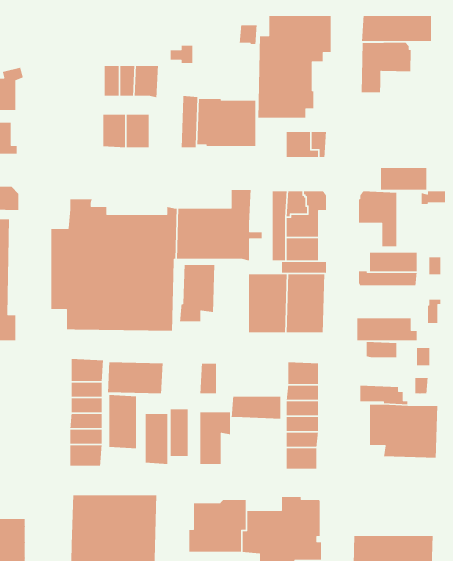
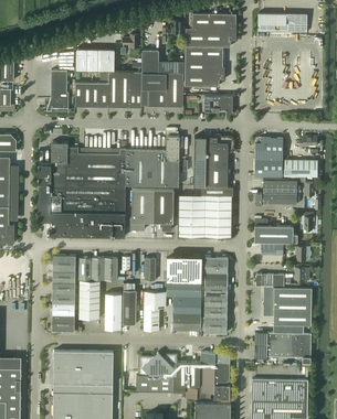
building: [361,42,411,93] -> none
building: none -> [143,51,185,74]
building: none -> [51,71,69,108]
building: none -> [108,72,131,109]
building: [380,167,427,191] -> [284,161,317,178]
building: none -> [154,190,173,232]
building: none -> [167,256,202,282]
building: none -> [172,298,201,332]
building: none -> [254,333,312,364]

